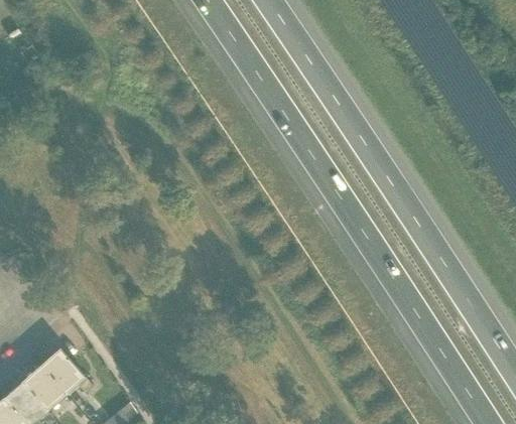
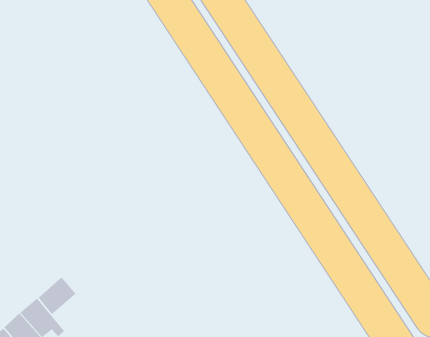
building: none -> [38,277,77,315]

